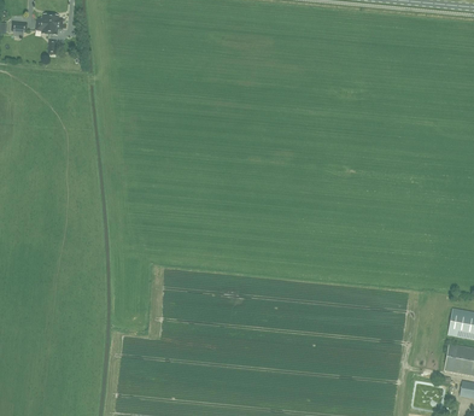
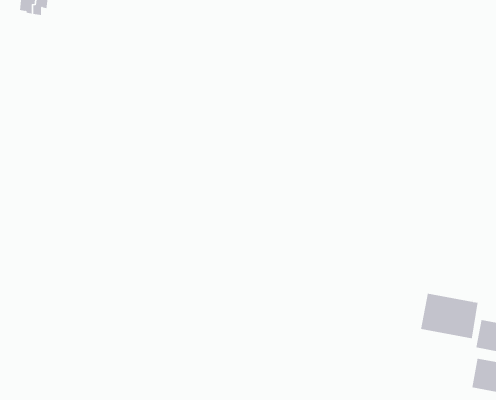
building: none -> [420,293,478,339]

